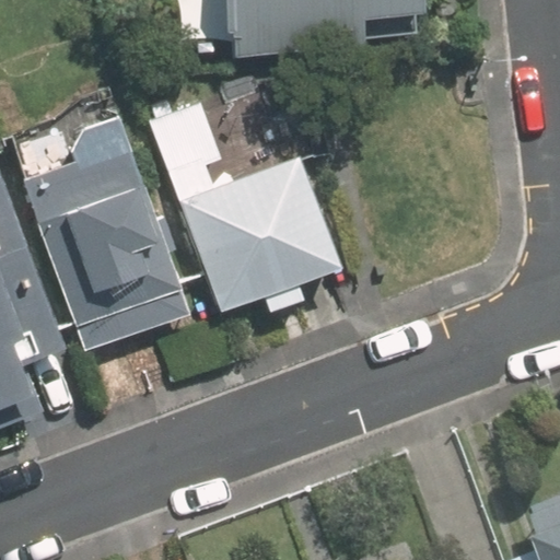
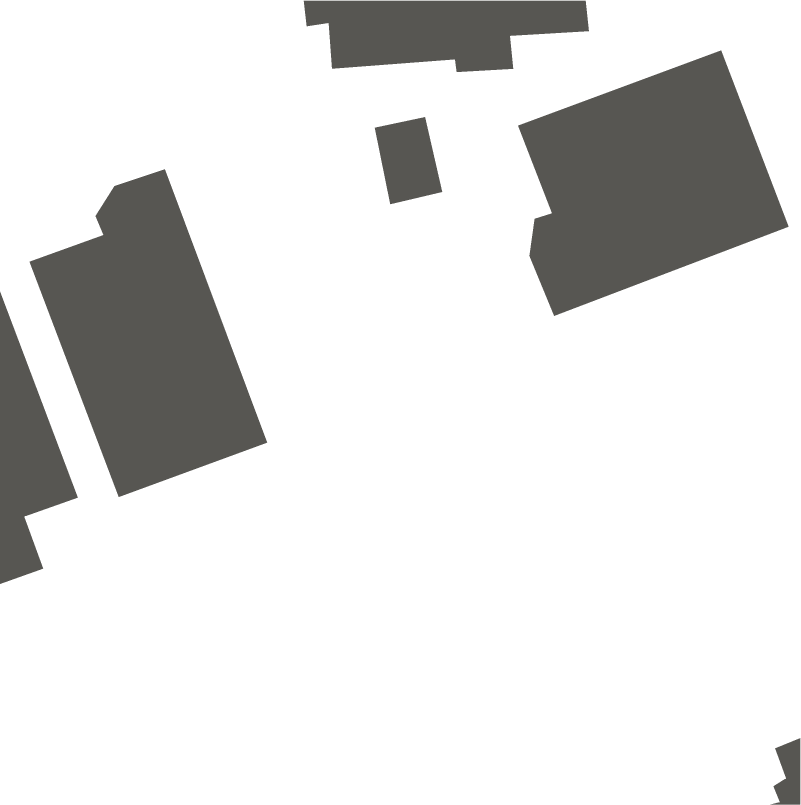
building: none -> [517,50,790,317]
building: [147,95,340,312] -> none

